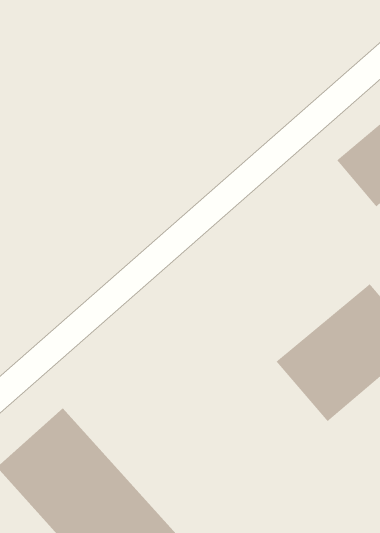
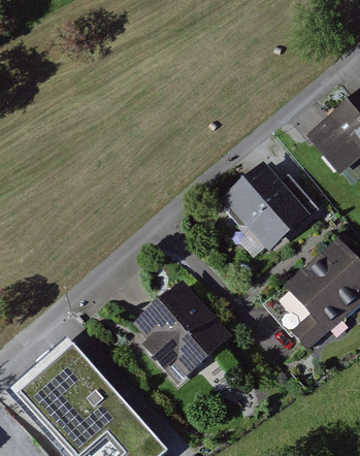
building: none -> [221,166,306,253]
building: none -> [131,286,226,382]

